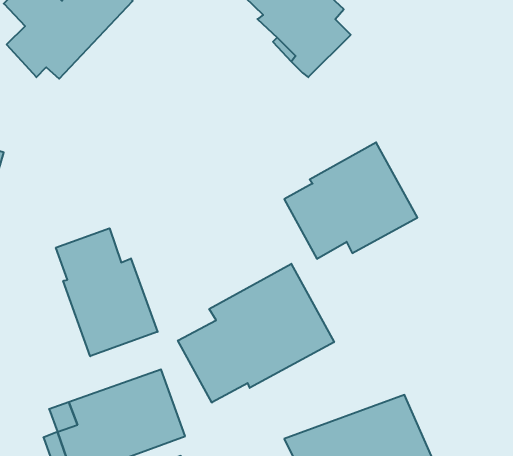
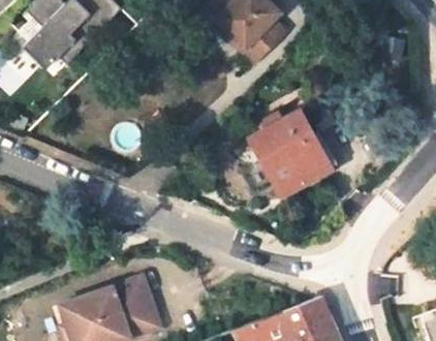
building: [56,228,158,356] -> none
building: [178,264,334,403] -> none

